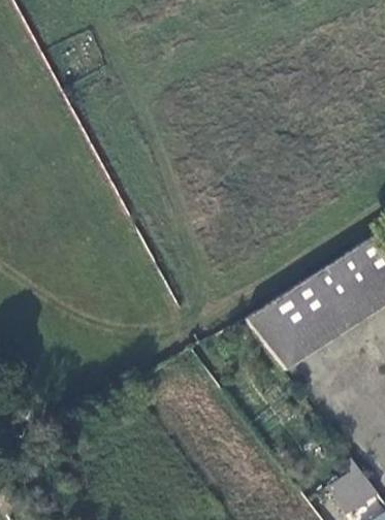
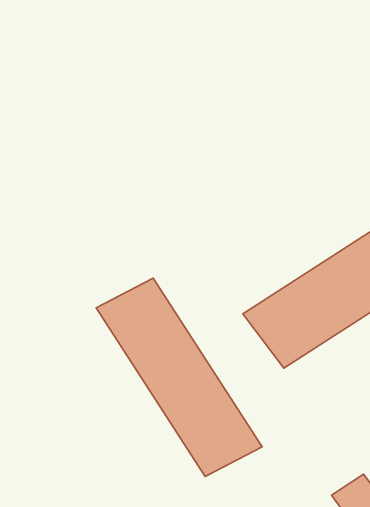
building: none -> [96,278,262,476]

